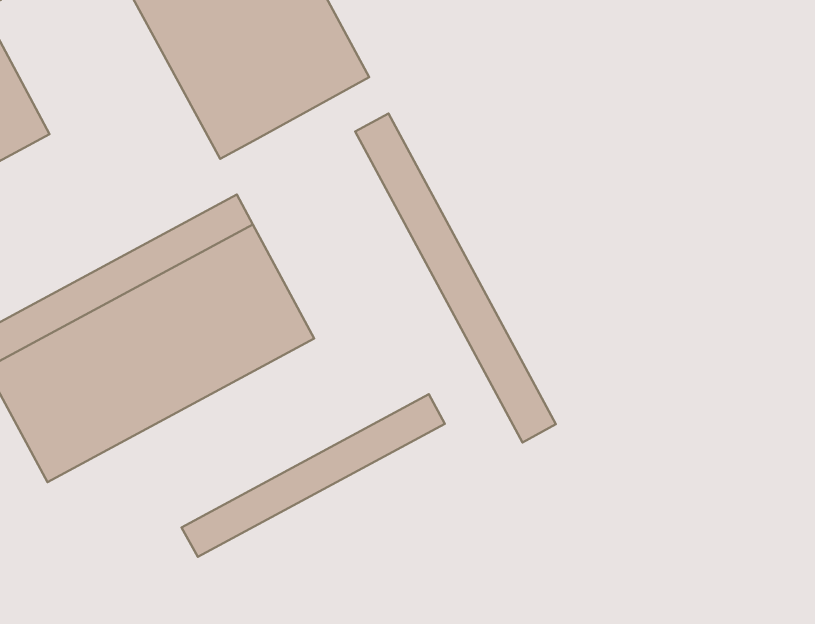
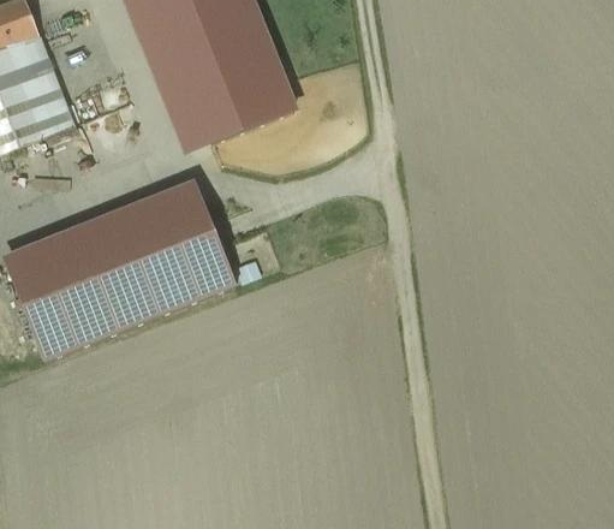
building: [355,113,556,443] -> none
building: [182,394,445,557] -> none

